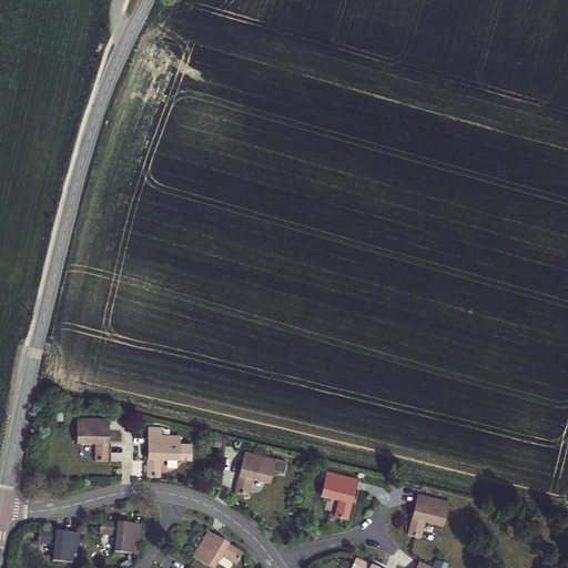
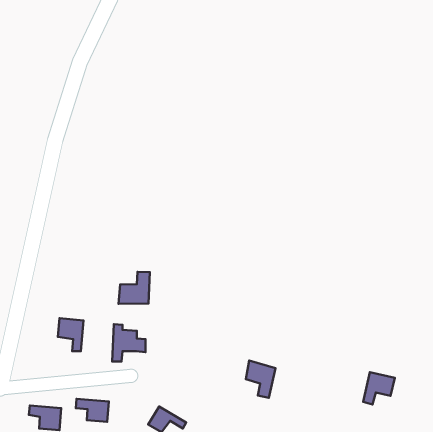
building: none -> [118,272,150,304]
building: [234,450,285,494] -> none
building: [407,494,448,536] -> [363,372,395,404]

